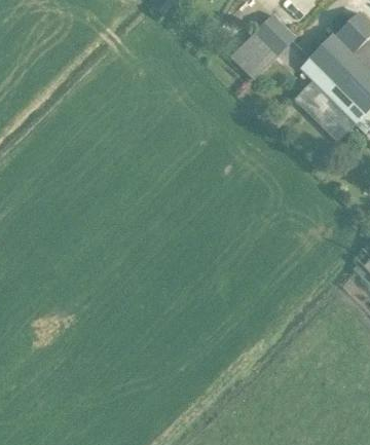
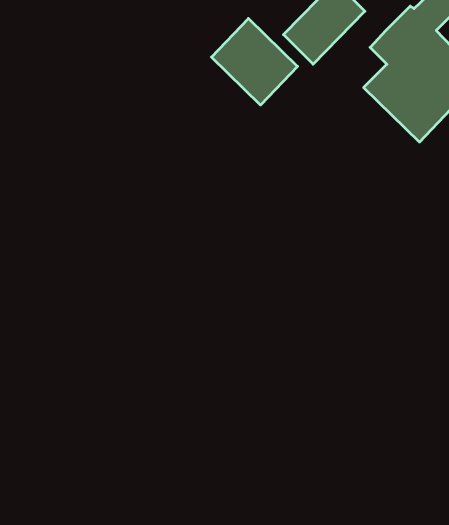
building: none -> [211,18,298,105]

